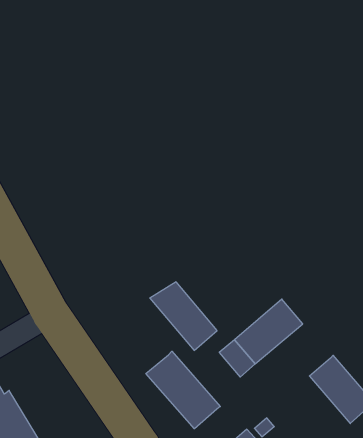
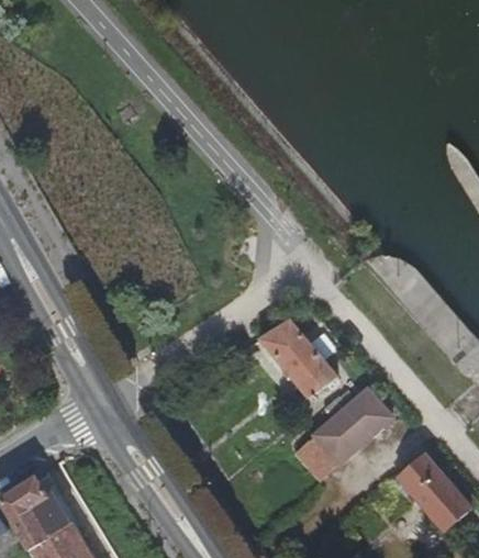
building: [150,282,217,350] -> [257,321,335,400]
building: [146,351,220,429] -> none

